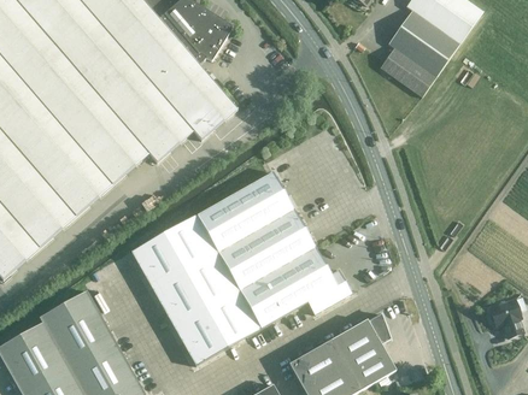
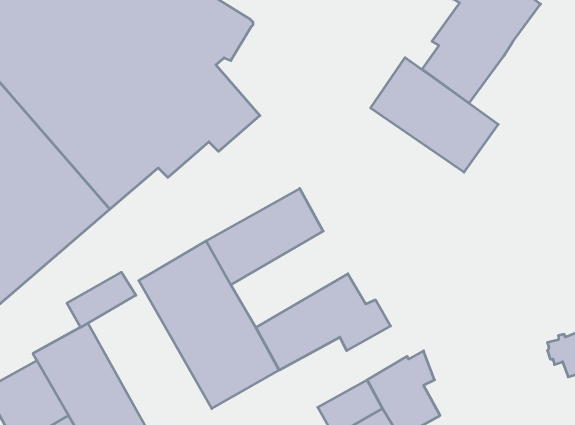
building: none -> [371,58,498,172]
building: [212,210,315,294] -> none
building: none -> [67,272,136,327]

